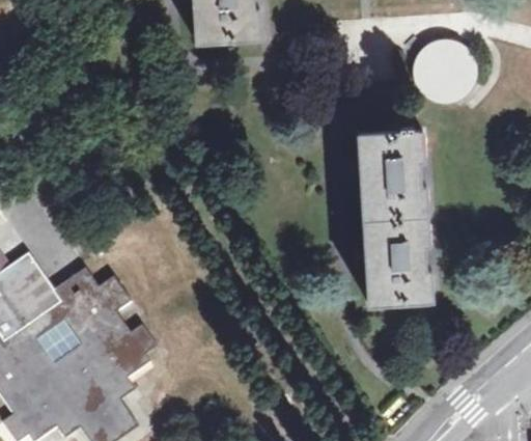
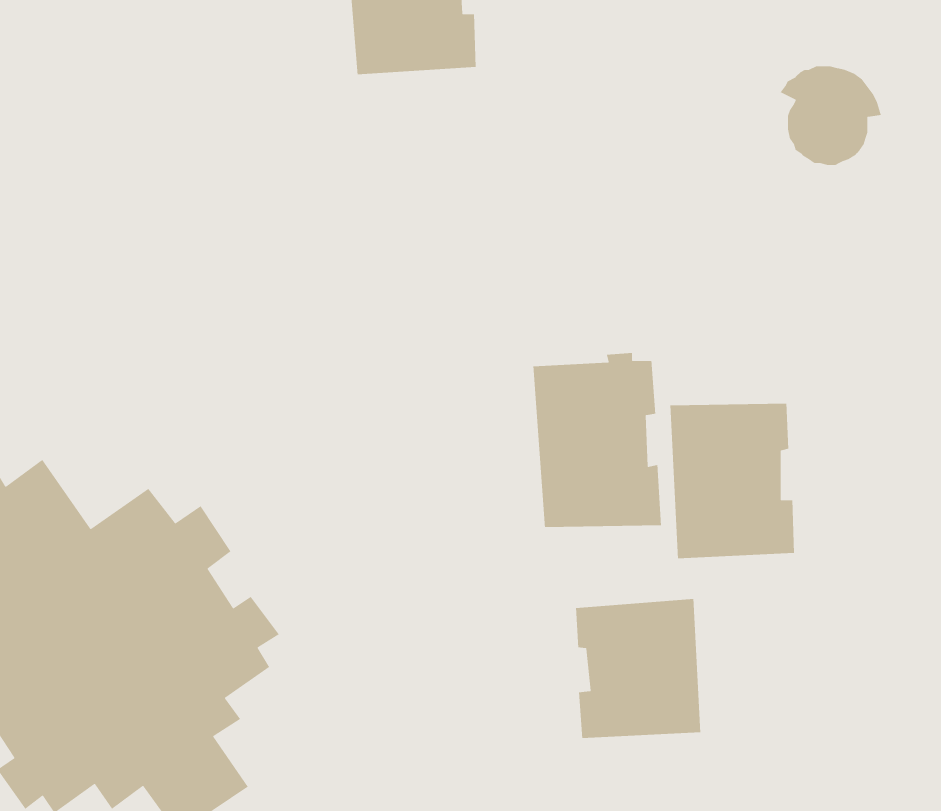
building: [357,128,426,222] -> [533,352,662,528]
building: none -> [575,598,701,739]

